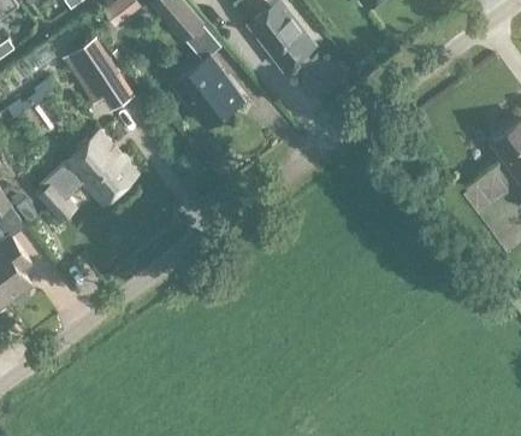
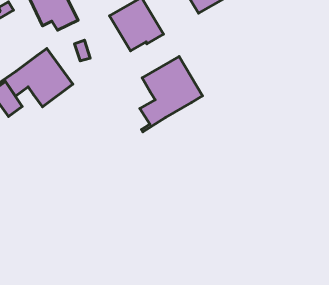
building: none -> [140,56,203,132]

